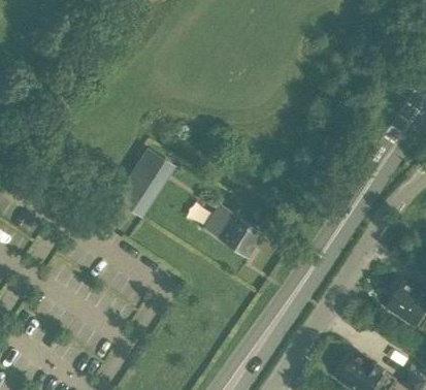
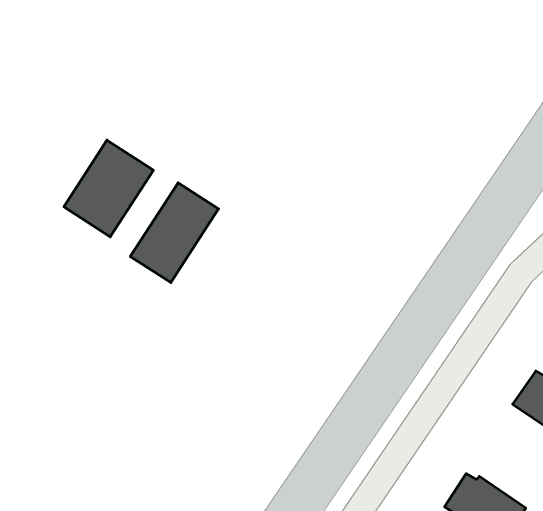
building: none -> [64,140,153,237]
building: [204,205,263,257] -> none

